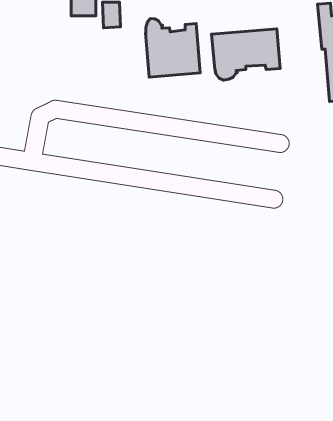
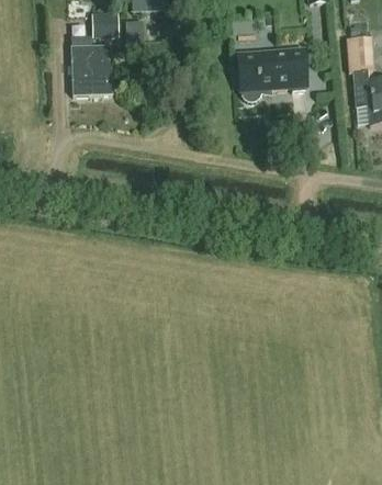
building: [146,18,200,77] -> none
building: none -> [71,45,113,94]

